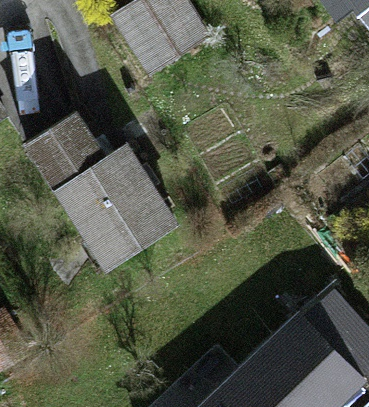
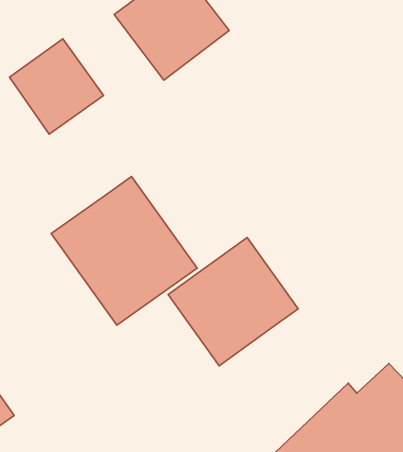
building: [27,119,103,196] -> [10,39,104,134]
building: none -> [168,237,298,366]

